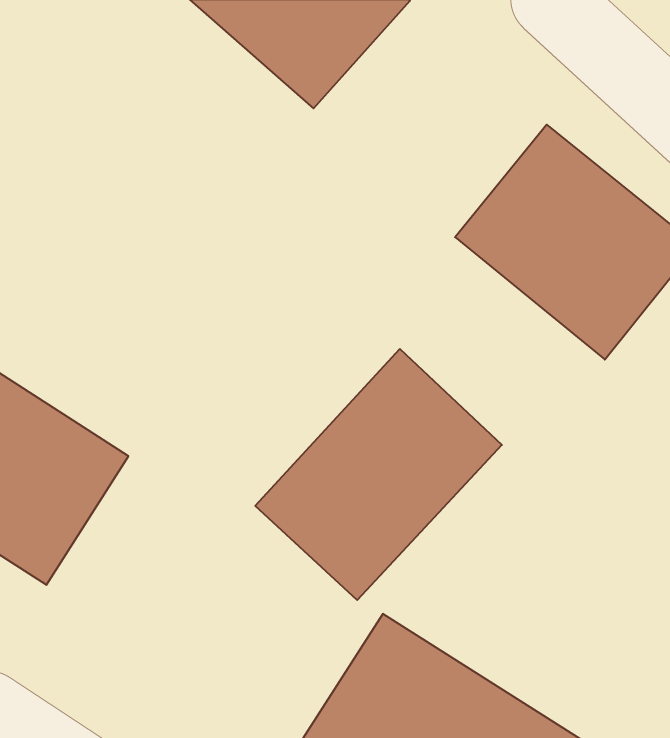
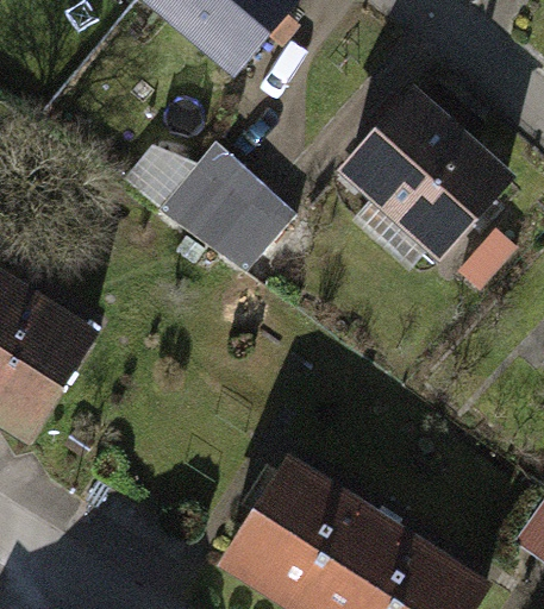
building: none -> [164,142,301,276]
building: [255,349,502,600] -> none

